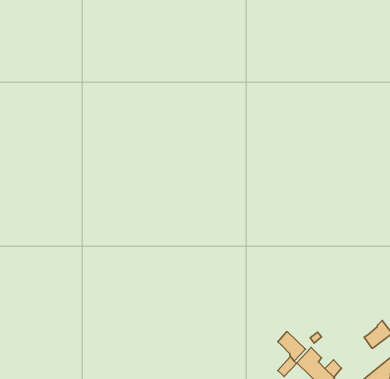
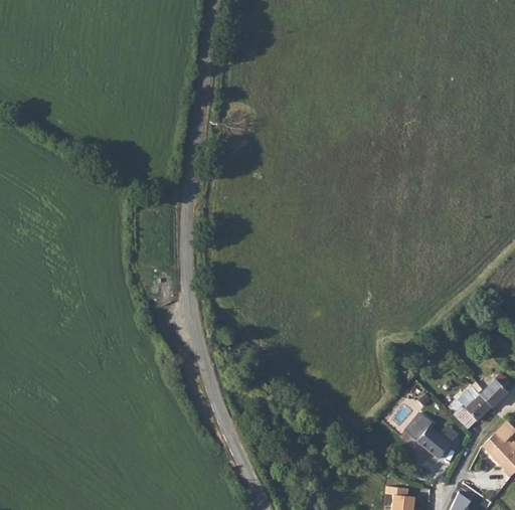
building: none -> [454,387,490,429]
building: [278,332,306,361] -> none

